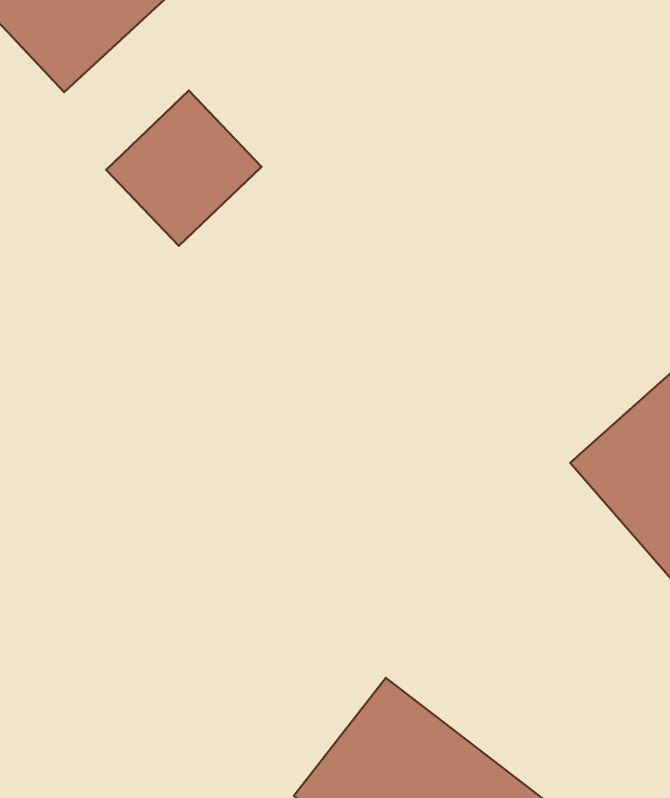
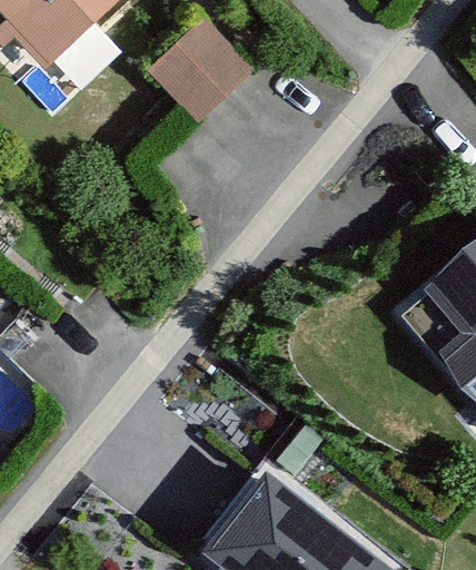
building: [106,91,261,246] -> [148,14,255,121]

